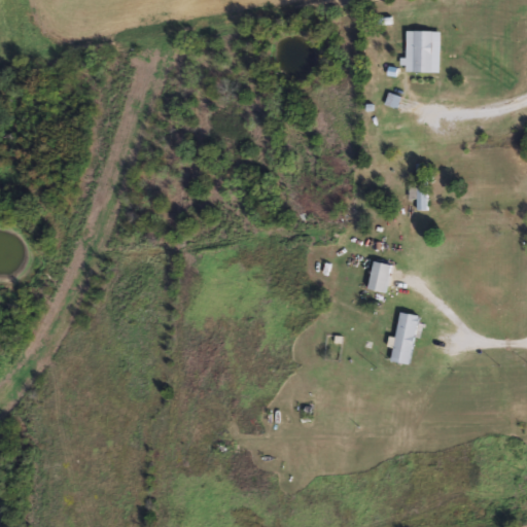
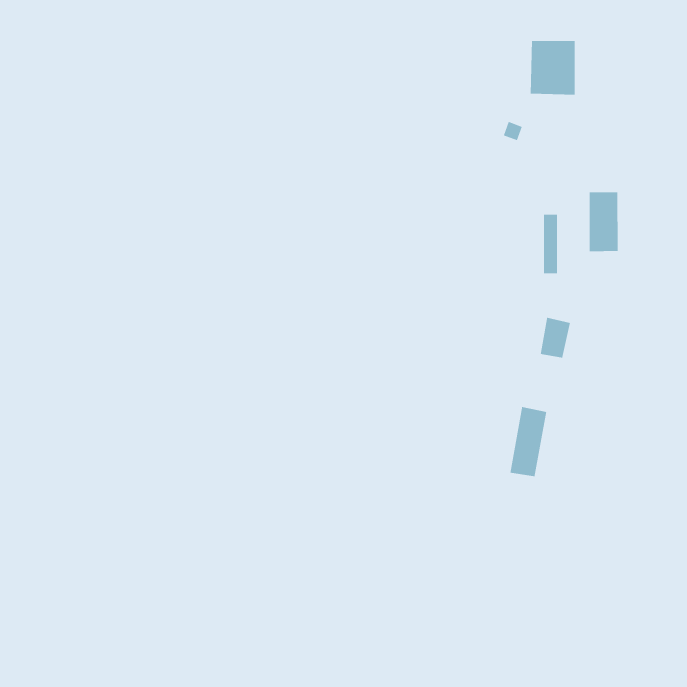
building: none -> [589,191,618,252]
building: [367,260,391,292] -> [540,317,571,359]

